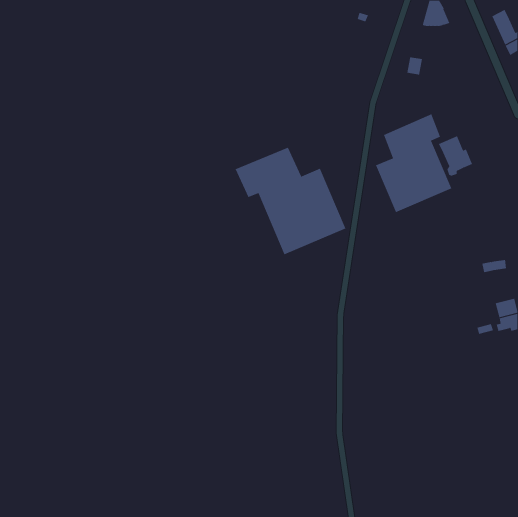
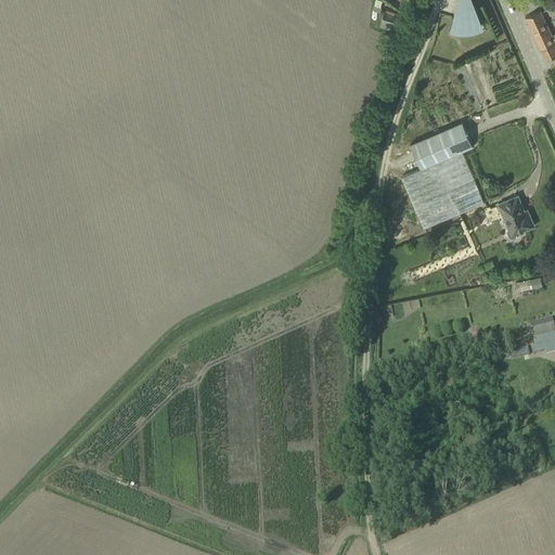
building: [438,136,473,176] -> [498,196,534,240]
building: [235,147,346,255] -> none

